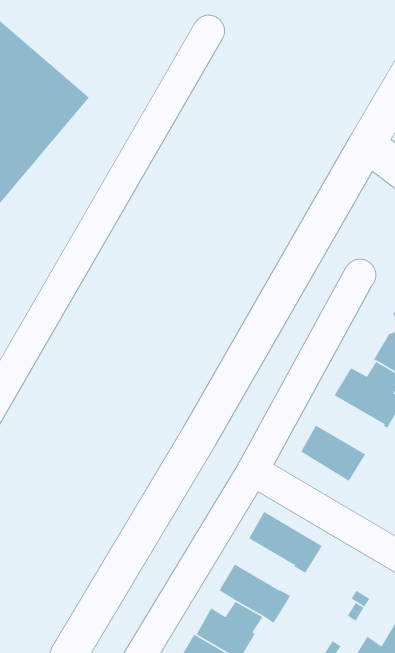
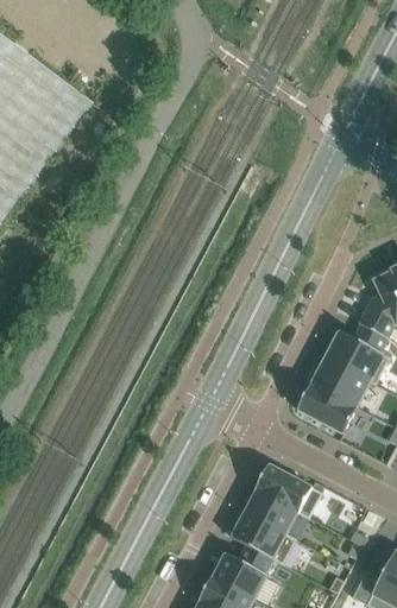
building: none -> [310,357,371,408]
building: none -> [244,490,297,534]

